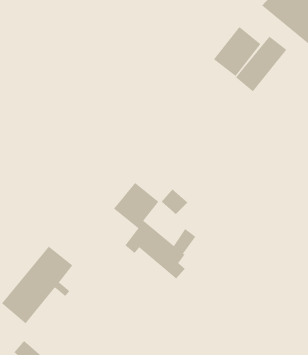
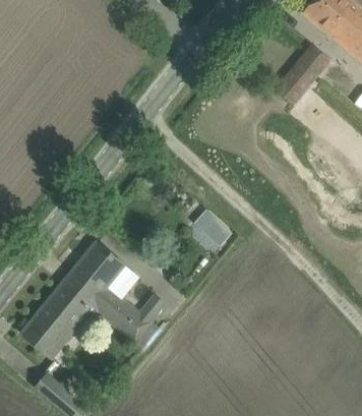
building: [213,26,261,77] -> none
building: [113,182,196,279] -> [73,242,163,347]

